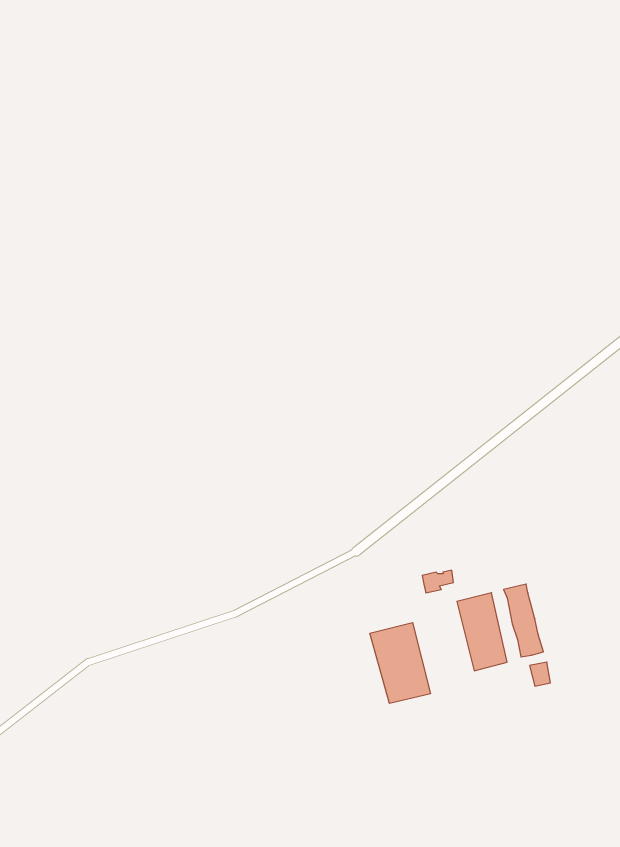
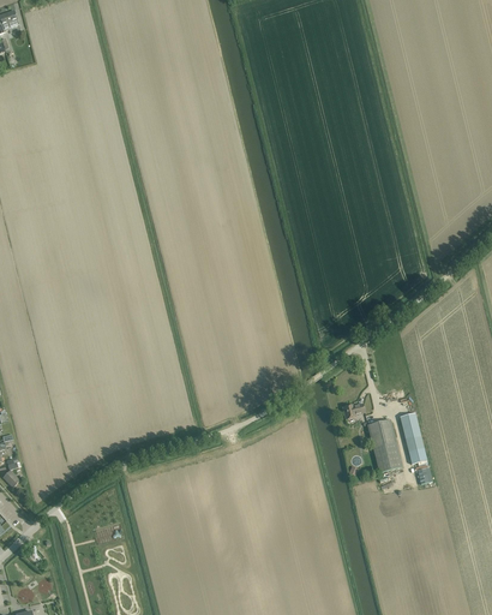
building: [370,623,430,703] -> none

